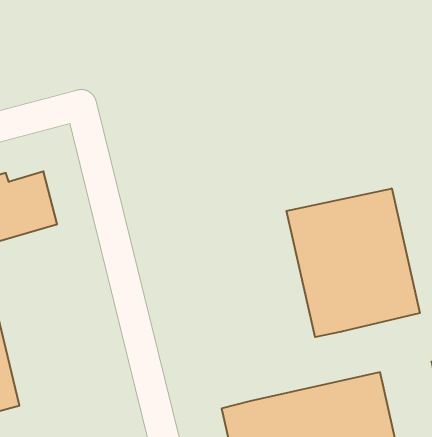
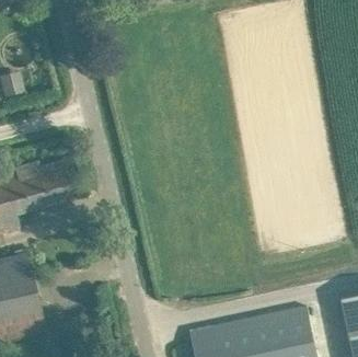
building: [286,188,420,337] -> none

